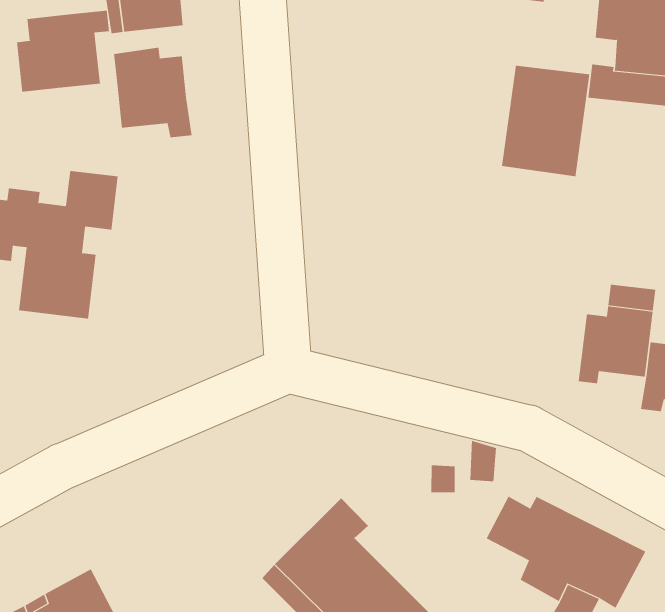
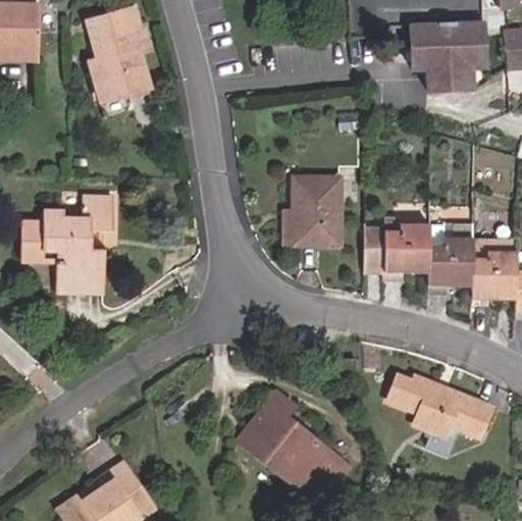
building: [17,10,110,92] -> none
building: [113,47,192,138] -> none
building: [501,65,590,177] -> [291,176,342,245]
building: none -> [365,221,429,275]

